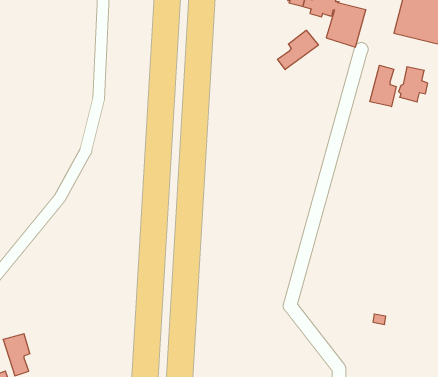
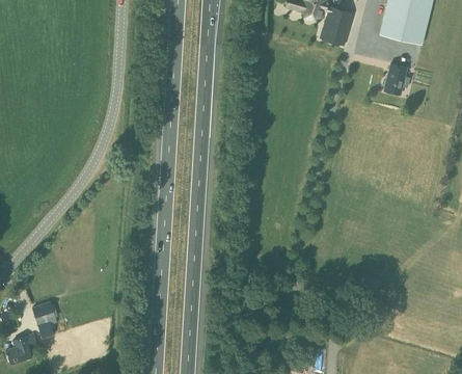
building: [278,30,318,70] -> none
building: [370,65,396,107] -> none

